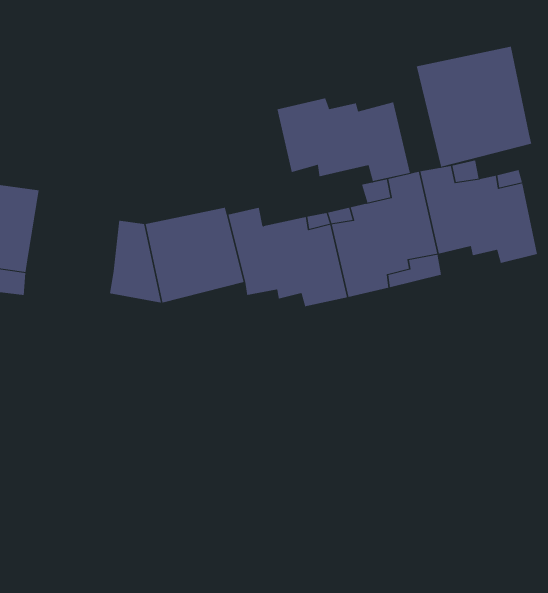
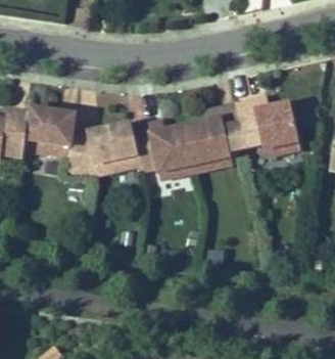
building: [416,46,532,167] -> none
building: [277,98,410,182] -> none
building: none -> [23,106,76,156]

